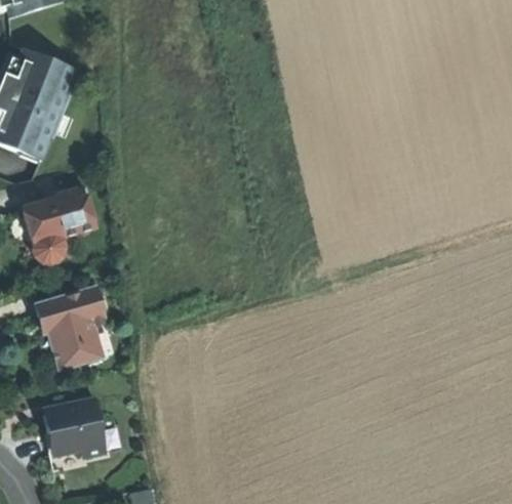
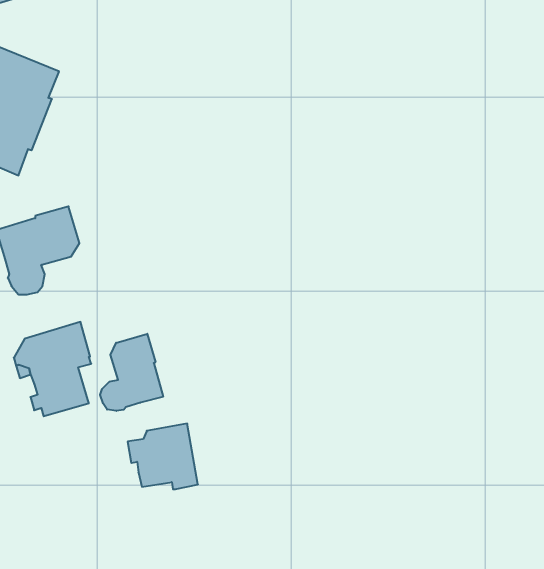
building: none -> [100,334,163,411]
building: [43,397,104,454] -> [128,424,198,489]

